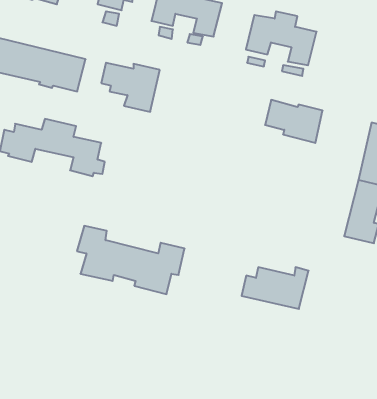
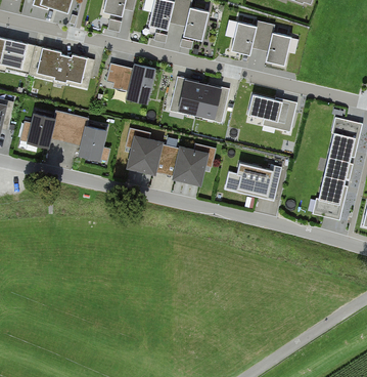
building: none -> [171,77,228,122]
building: [77,226,185,294] -> [124,128,216,186]
building: [242,267,309,309] -> [224,165,281,201]

